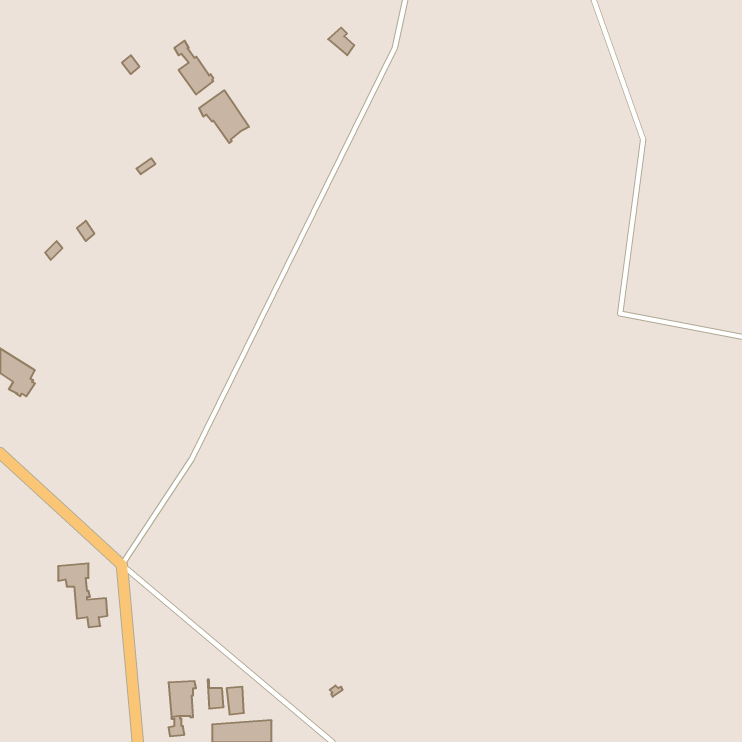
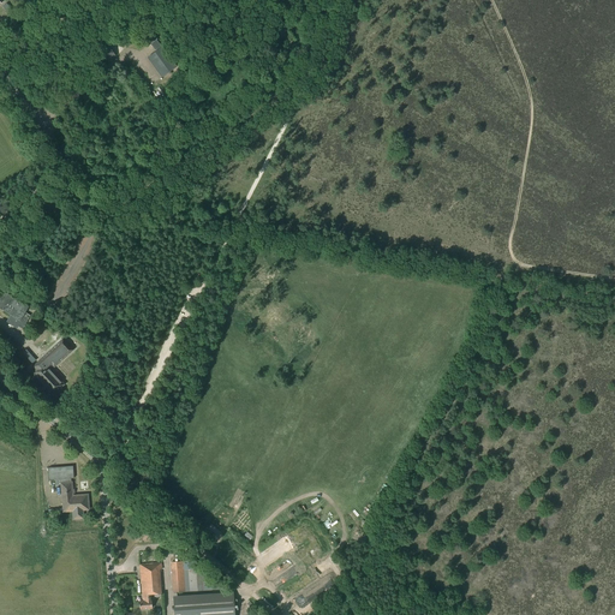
building: [199,90,249,143] -> none
building: none -> [31,339,73,395]

